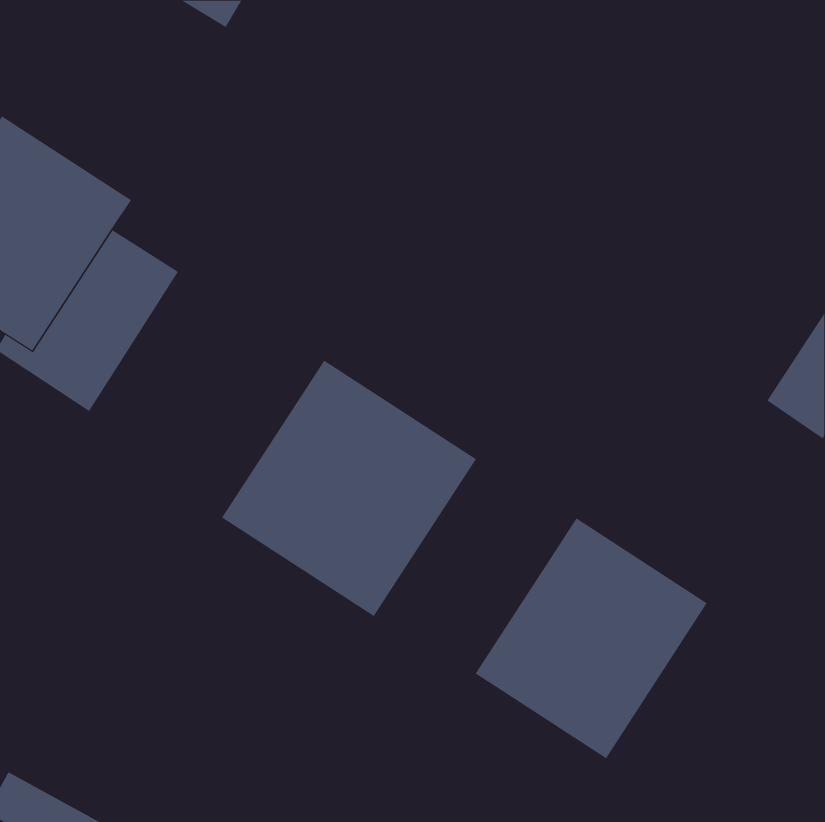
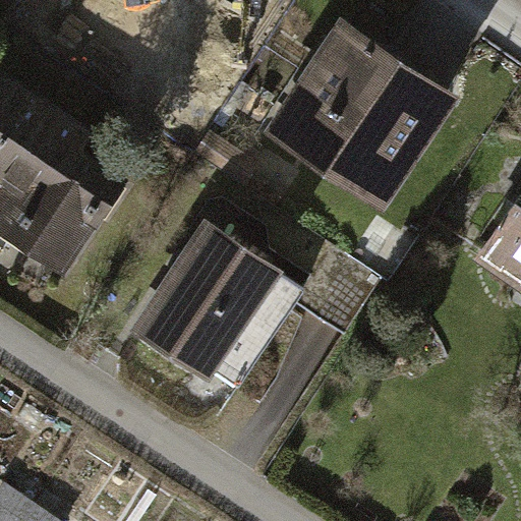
building: none -> [269,27,443,200]
building: [475,518,707,759] -> none

